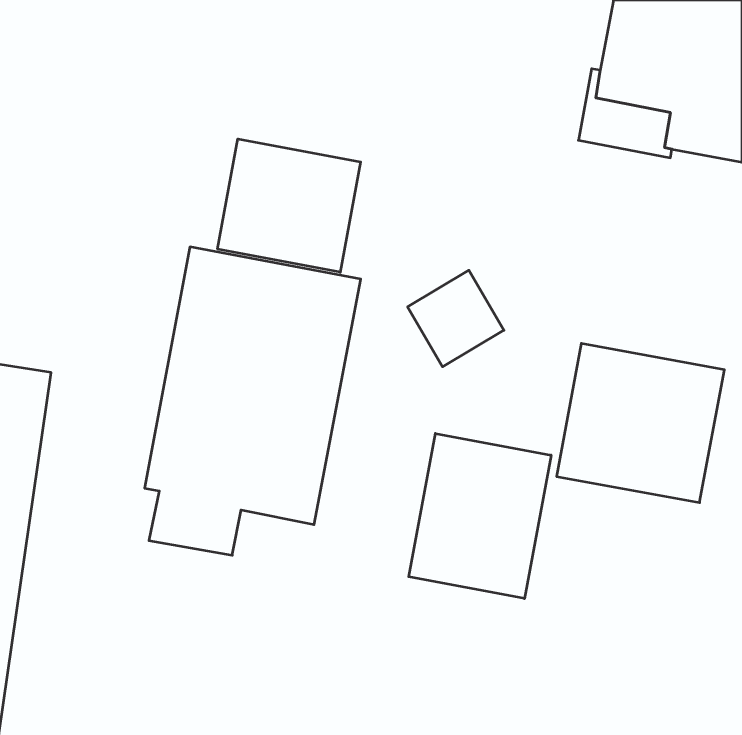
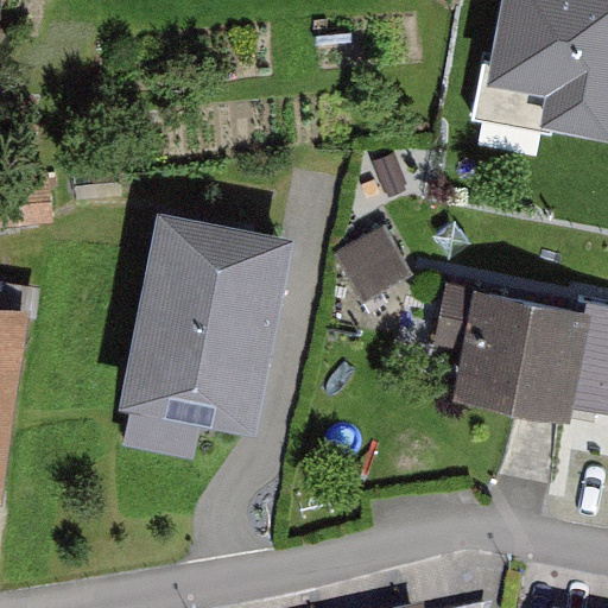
building: [218,139,361,272] -> none
building: [409,433,551,599] -> none

